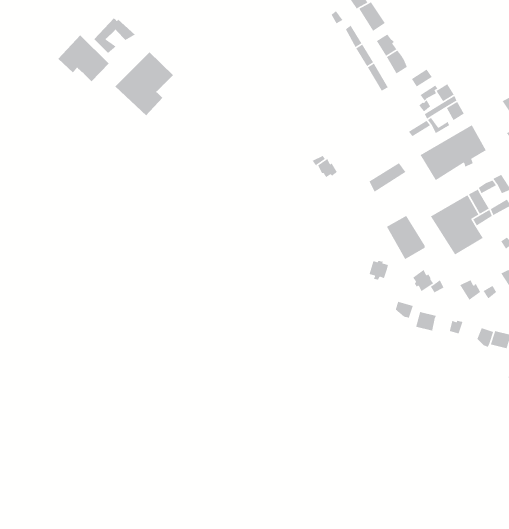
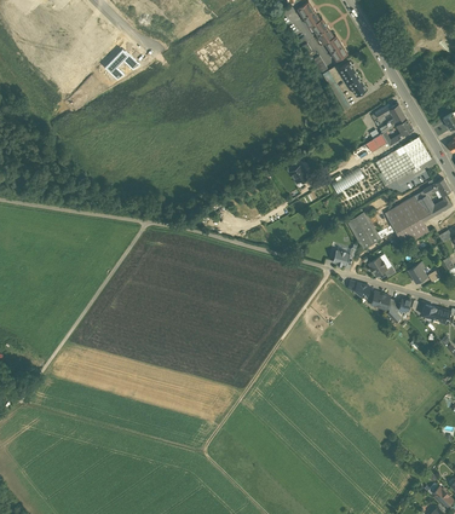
building: [57,34,109,82] -> none
building: [114,52,174,116] -> none

